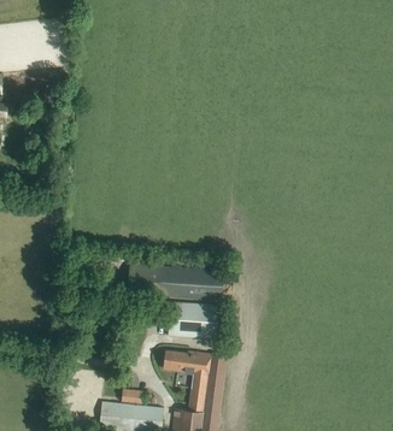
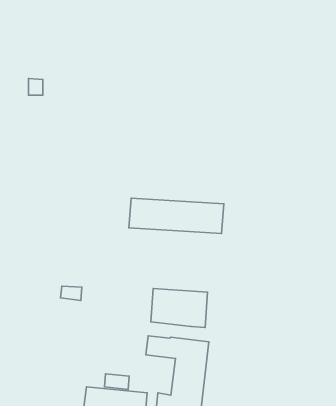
building: [128,262,224,299] -> [129,198,224,234]

